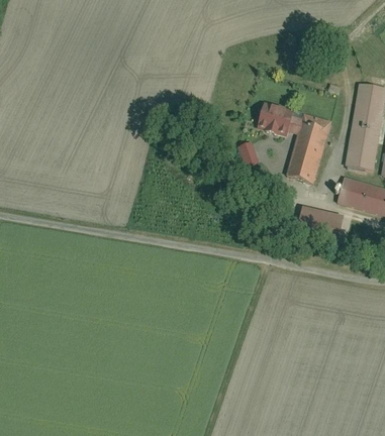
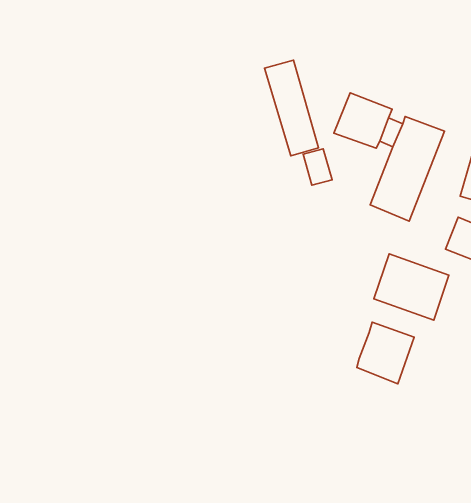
building: none -> [265,60,319,156]
building: none -> [357,322,414,384]

